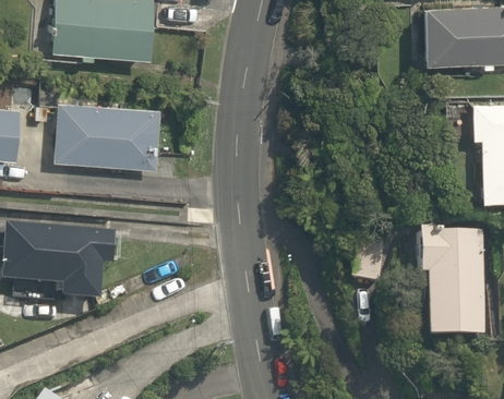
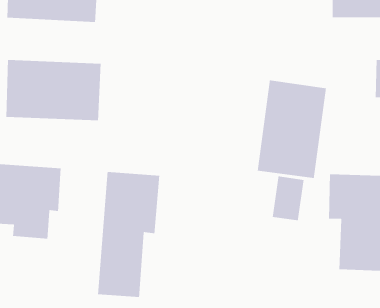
building: none -> [257,79,327,179]
building: none -> [97,171,160,298]

